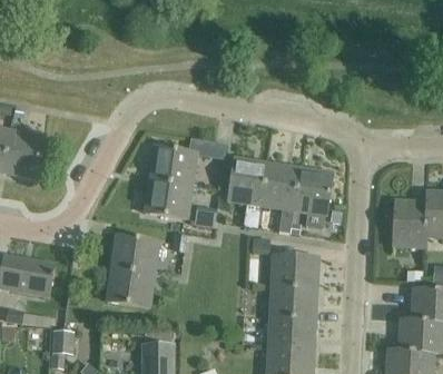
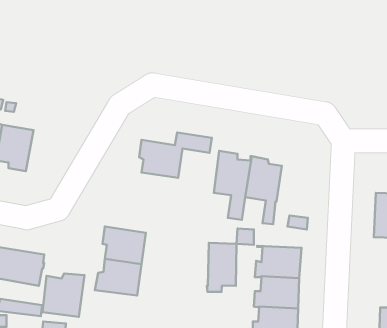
building: [293,170,333,215] -> none
building: [144,179,191,218] -> none
building: none -> [207,243,237,292]
building: none -> [43,274,85,317]

